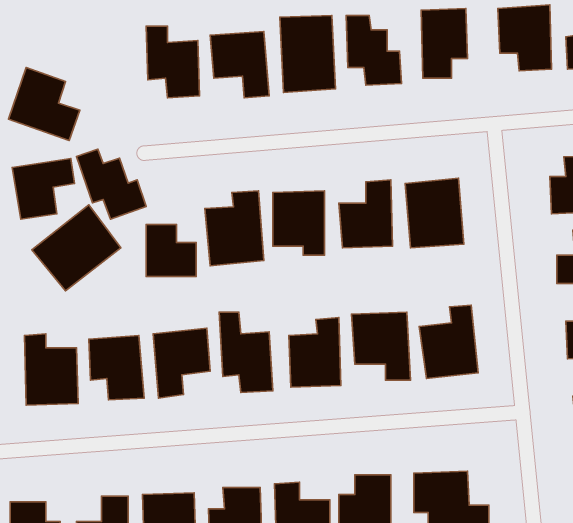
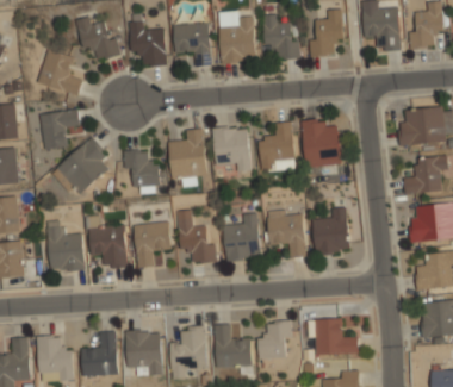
building: [77,149,146,219] -> [75,15,122,62]

